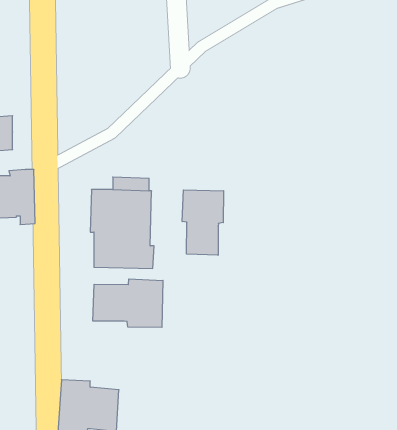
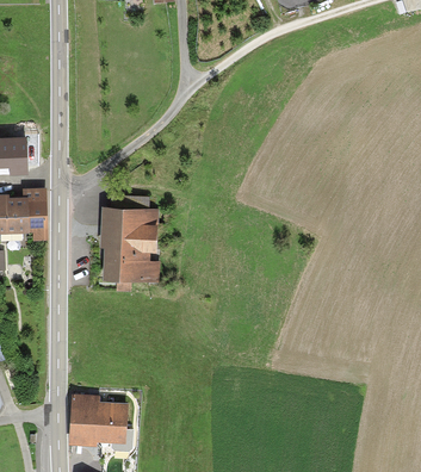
building: [182,190,224,255] -> none
building: [93,279,163,327] -> none

